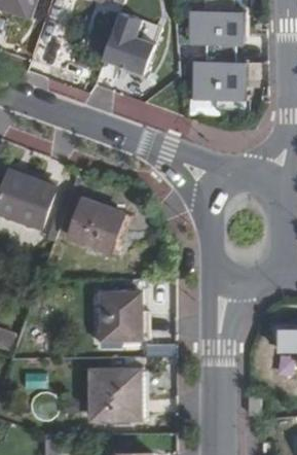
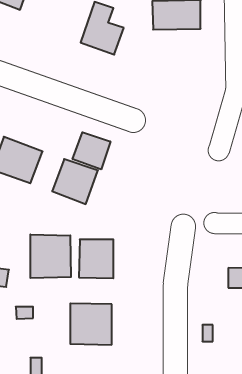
building: [191,61,244,99] -> none
building: none -> [73,132,110,169]
building: none -> [30,234,71,278]

